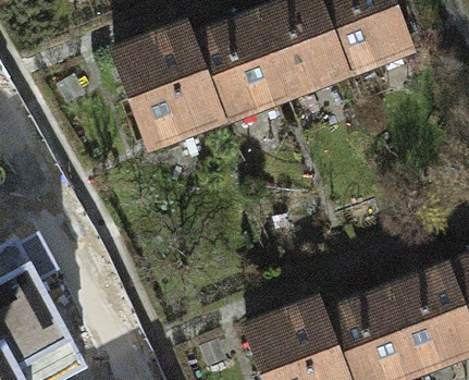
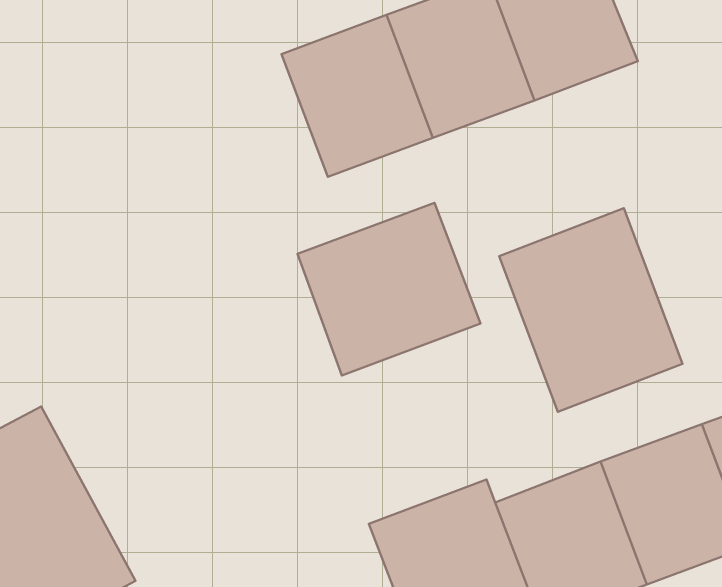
building: [110,27,215,144] -> none
building: none -> [297,203,480,376]
building: none -> [499,208,683,412]

